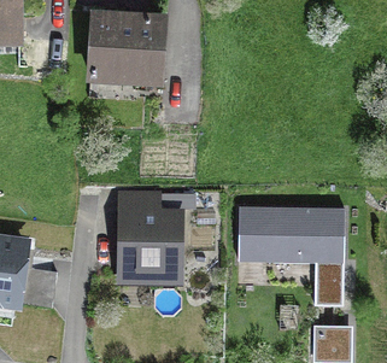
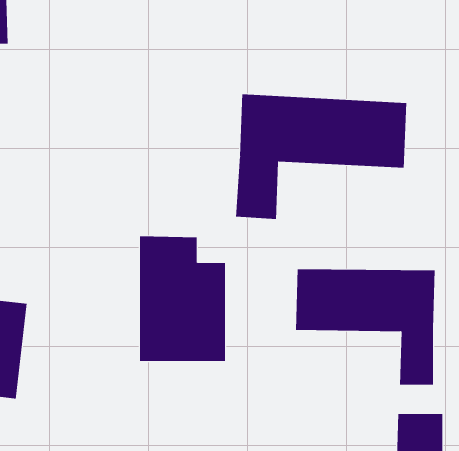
building: [88,14,162,80] -> none
building: none -> [235,94,407,220]

